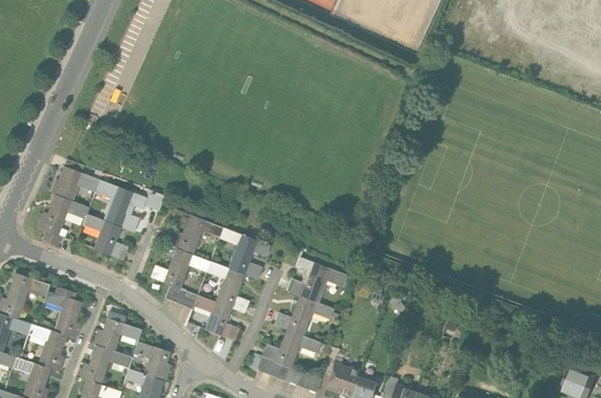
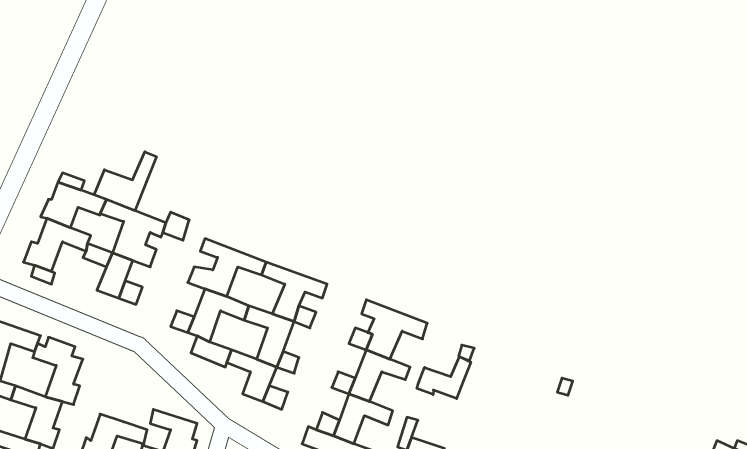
building: none -> [94,152,156,211]
building: none -> [417,356,471,399]
building: [93,310,141,351] -> none

